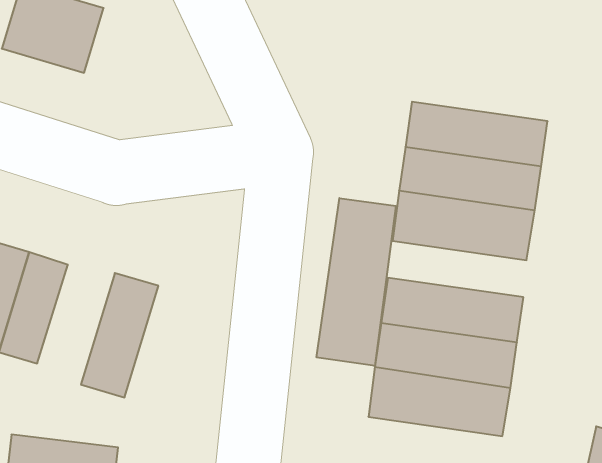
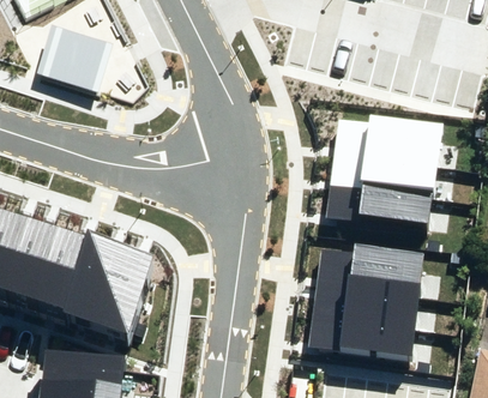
building: [317,198,396,366] -> none
building: none -> [61,230,120,324]

